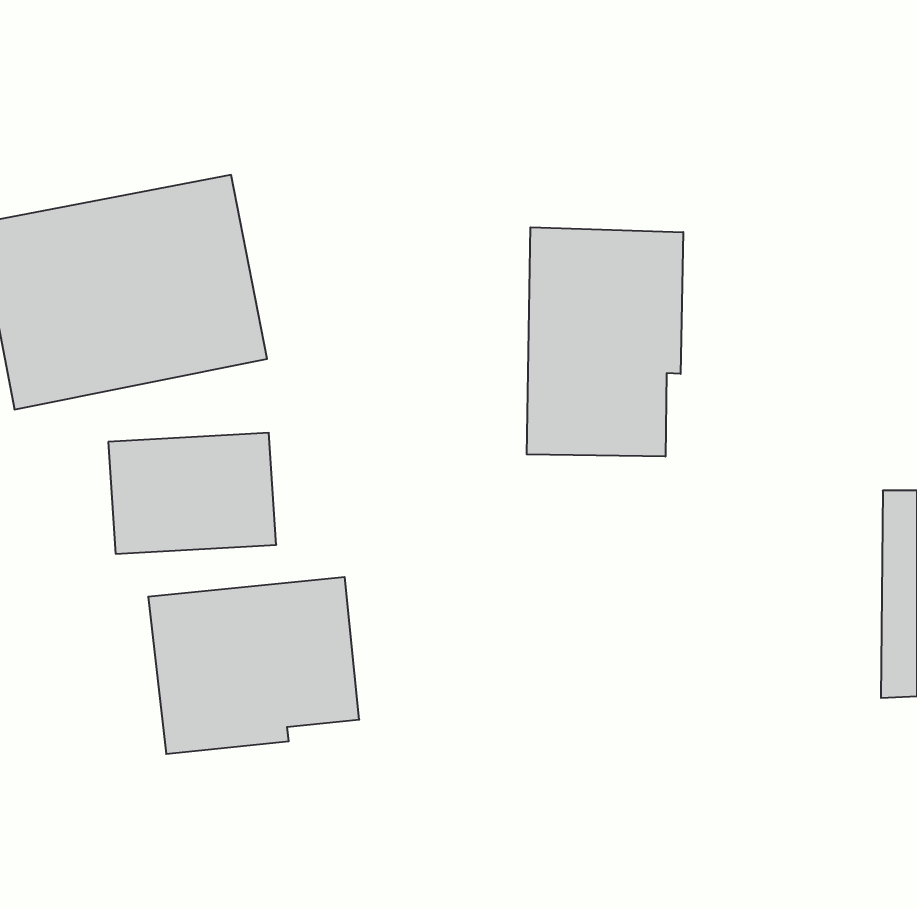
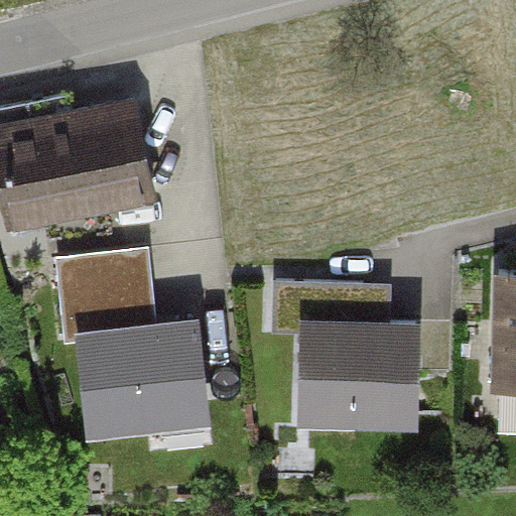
building: [527,227,683,457] -> none
building: none -> [268,286,420,430]

